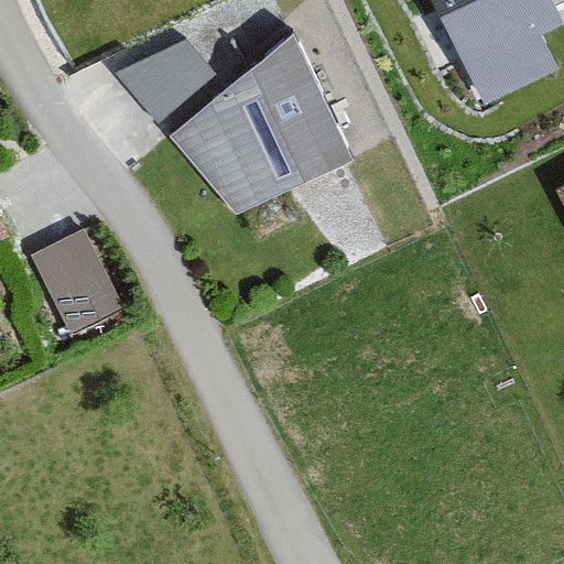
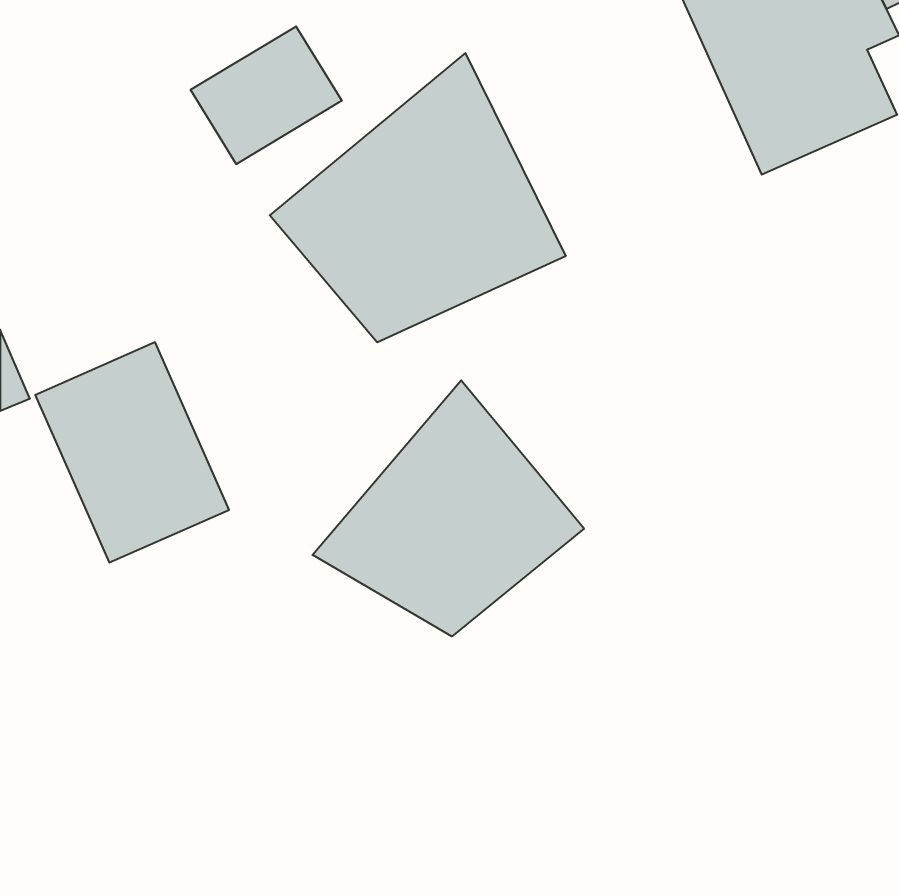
building: none -> [312,380,584,636]

